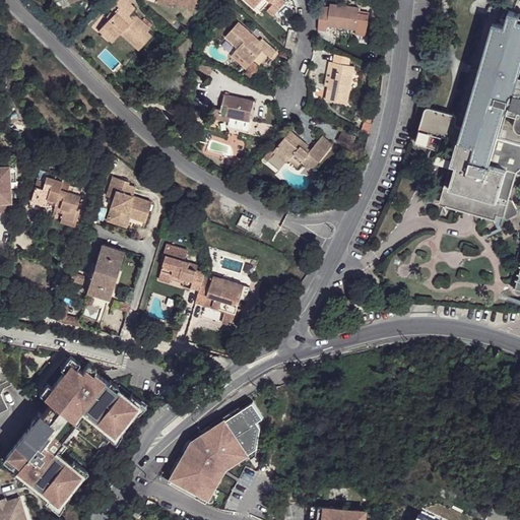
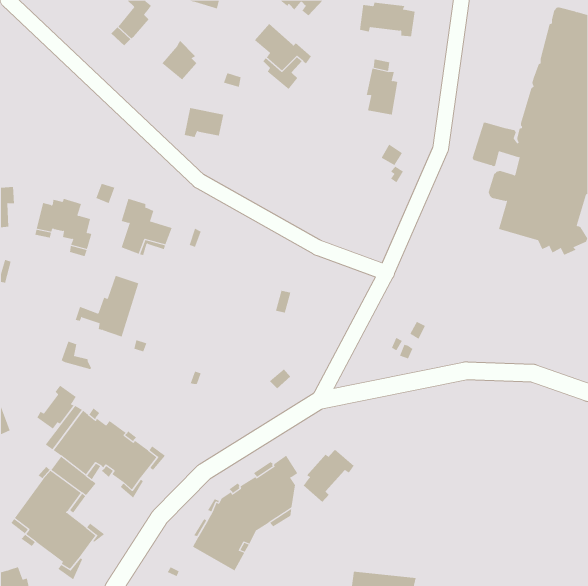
building: [119,14,150,50] -> [161,40,197,80]
building: [219,95,255,122] -> [184,108,224,137]
building: [273,133,333,167] -> none
building: [159,243,247,328] -> none
building: none -> [37,385,76,429]
building: none -> [303,449,354,503]

